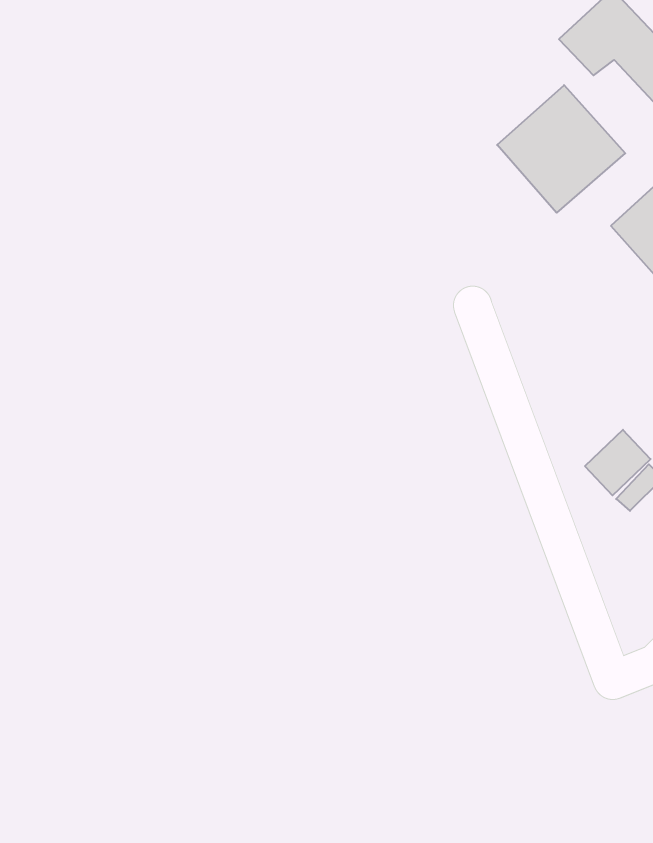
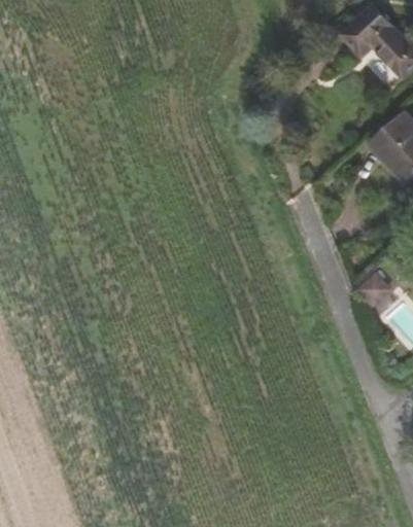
building: [497,85,625,213] -> none

